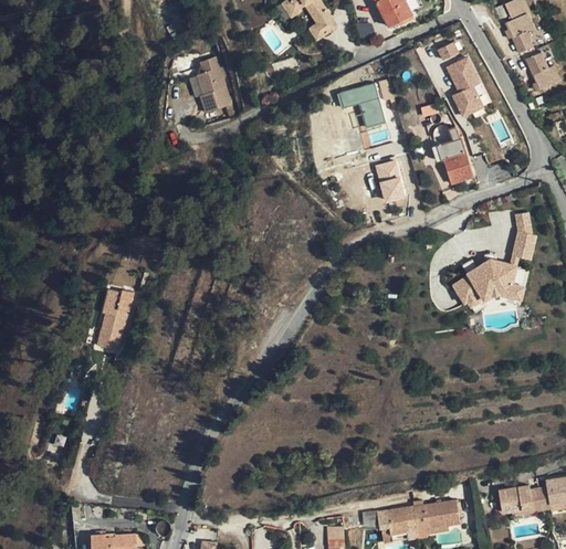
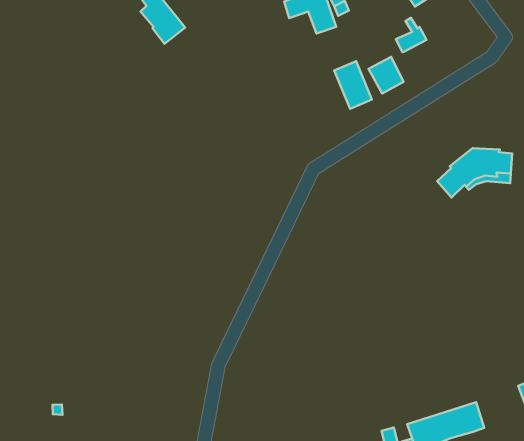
building: [442,150,473,183] -> [369,57,404,94]
building: [513,212,536,258] -> none
building: [97,288,133,350] -> none

